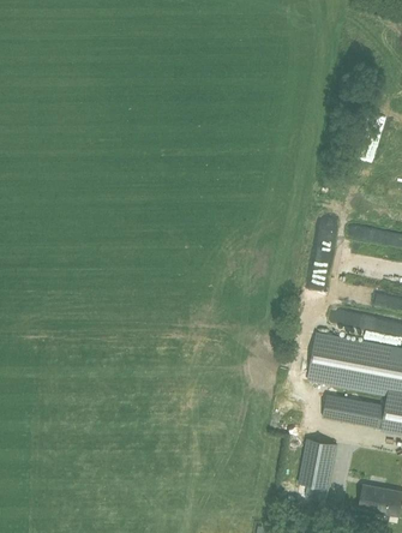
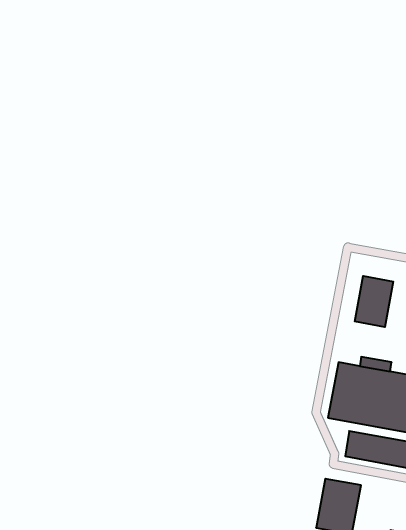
building: none -> [355,276,393,327]

